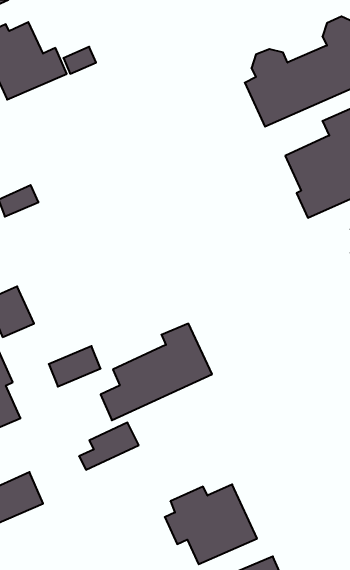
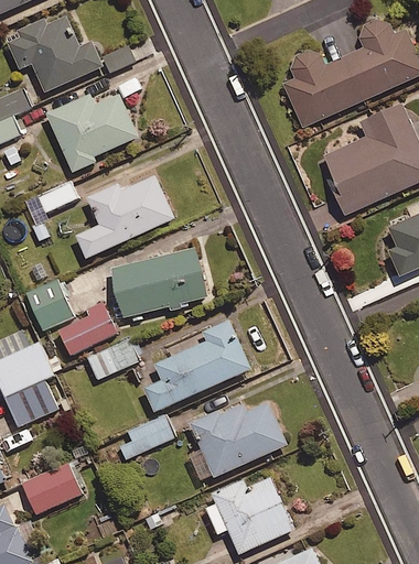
building: none -> [51,101,142,180]
building: none -> [78,184,179,267]
building: none -> [108,246,205,316]
building: none -> [61,308,121,355]
building: none -> [187,400,284,476]

